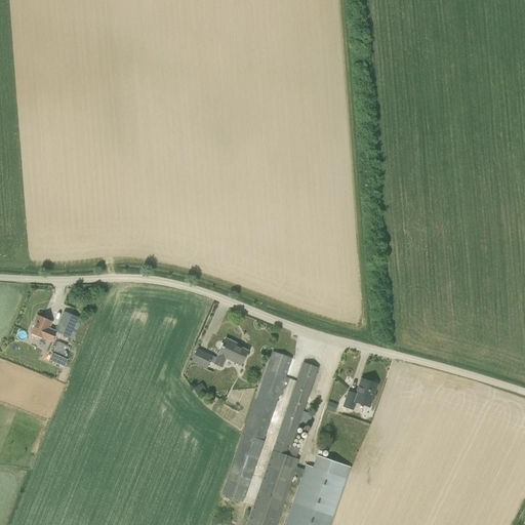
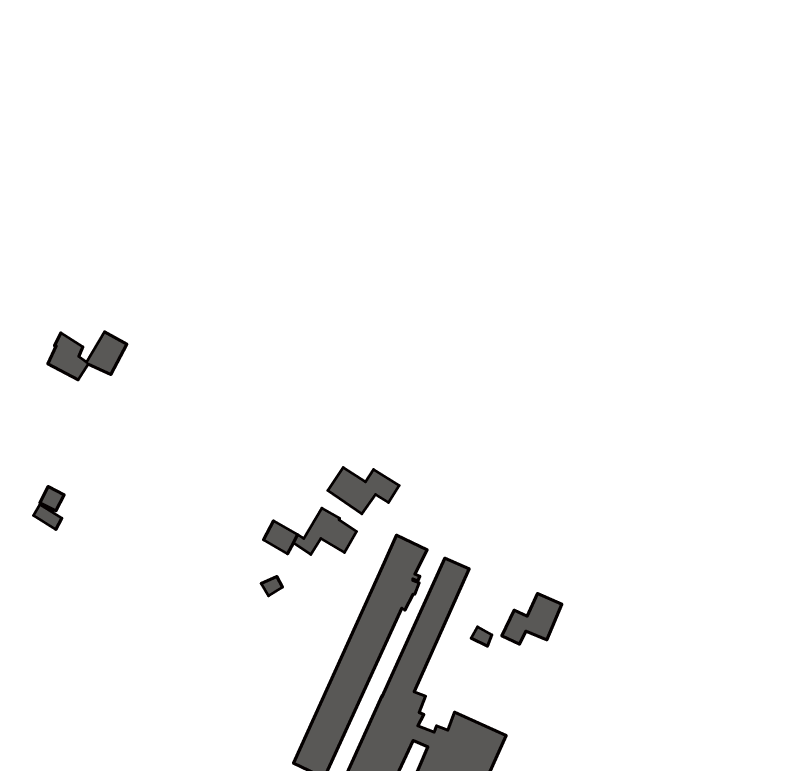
building: [32,311,79,341] -> [48,332,127,380]
building: none -> [328,468,399,514]

